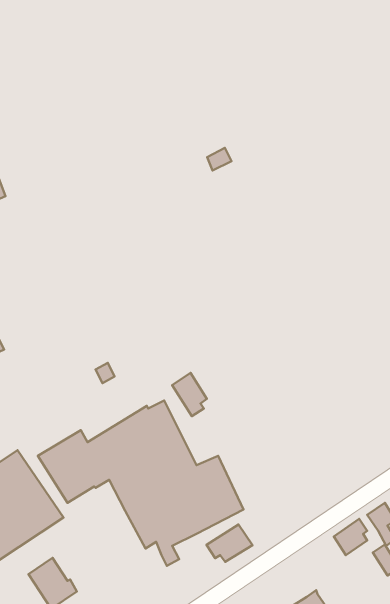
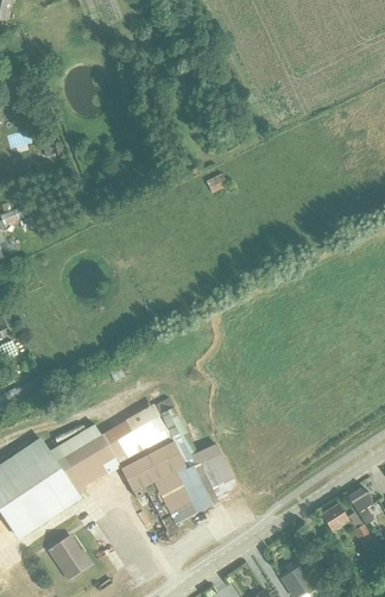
building: [172,373,207,416] -> none
building: [206,525,252,562] -> none

